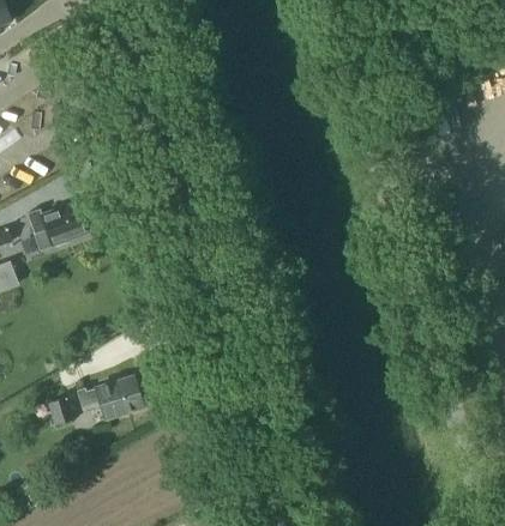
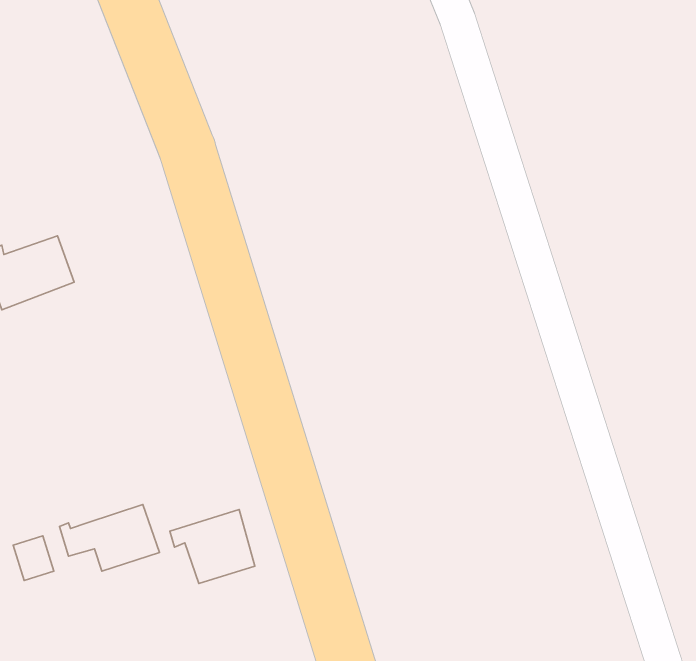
building: none -> [170,509,255,584]

